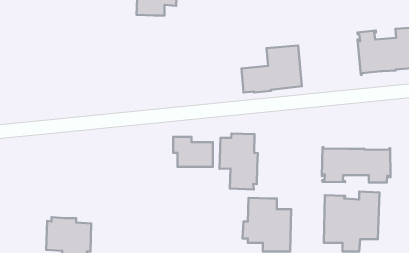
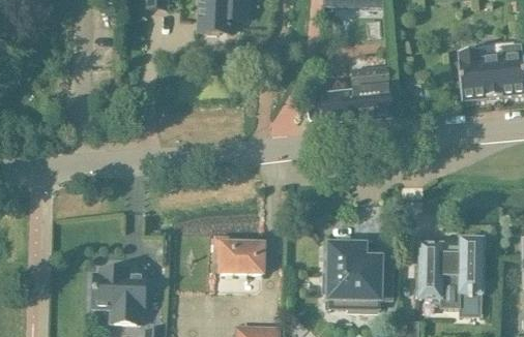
building: [220,133,258,189] -> none
building: [173,137,213,167] -> [216,236,263,271]
building: [322,147,391,183] -> none

